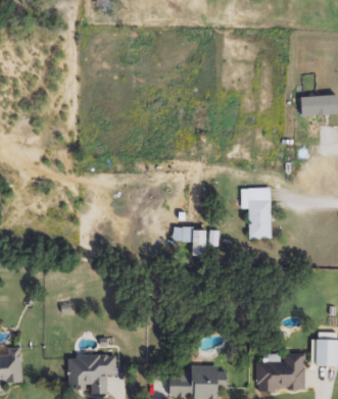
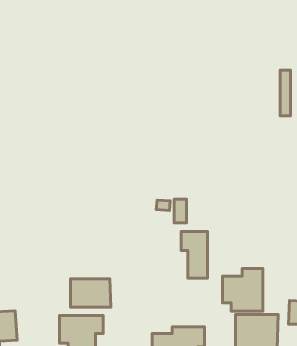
building: [242,188,271,238] -> [181,232,208,278]
building: none -> [222,269,263,311]
building: none -> [70,279,111,307]

